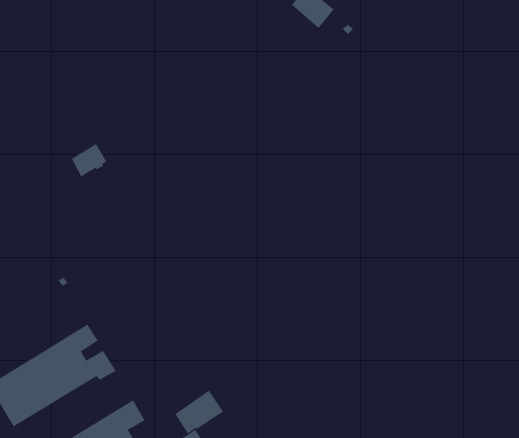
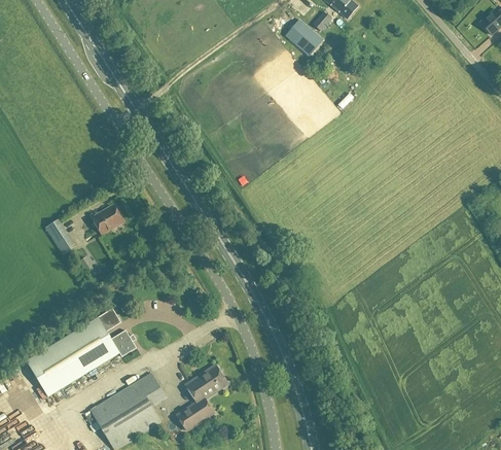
building: [71,143,107,177] -> [92,205,122,234]
building: none -> [44,219,75,254]

